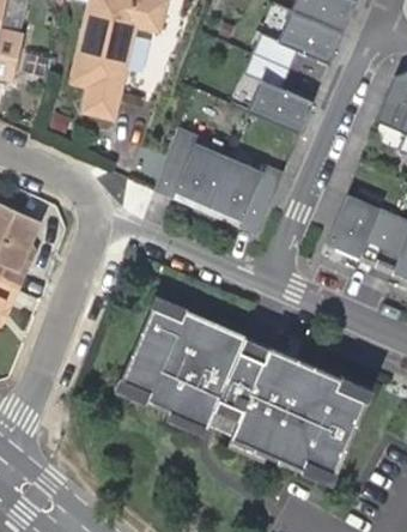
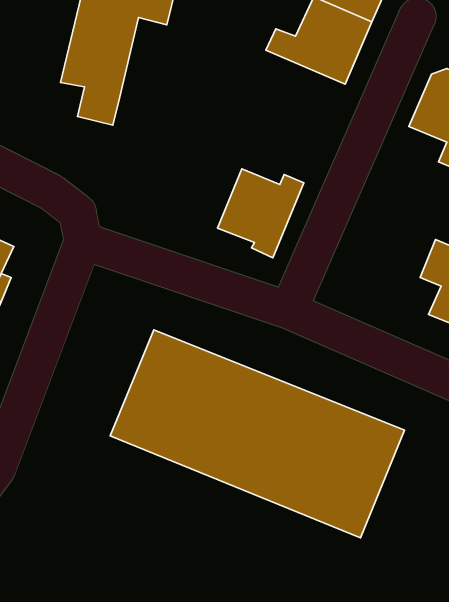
building: [243,59,317,135] -> none
building: [153,128,230,210] -> none
building: [322,199,394,267] -> none

